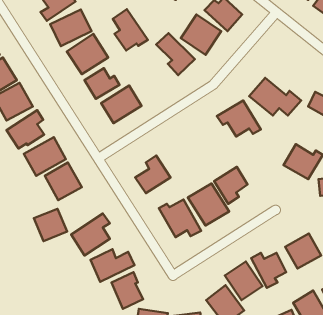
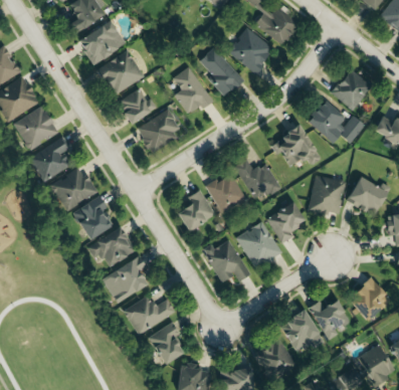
building: [113,9,148,50] -> [173,66,213,114]
building: none -> [332,68,373,110]
building: none -> [235,159,280,200]
building: none -> [207,172,247,214]
building: none -> [308,174,346,215]
building: [34,209,67,241] -> [95,228,134,265]

